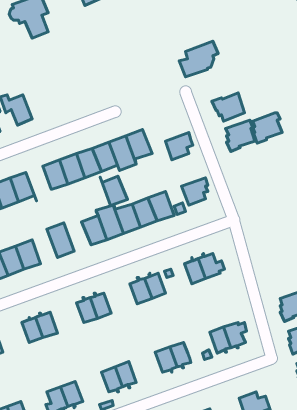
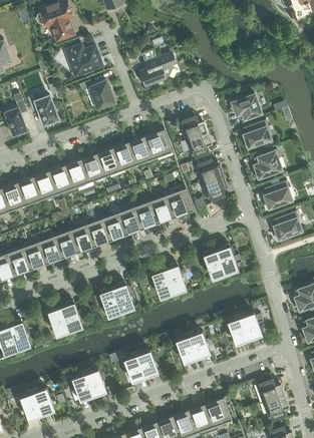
building: [179,41,218,77] -> [139,53,177,87]
building: none -> [65,46,103,77]
building: none -> [79,81,114,109]
building: [253,113,282,143] -> [254,151,282,180]
building: none -> [179,117,208,140]
building: none -> [195,157,224,183]
building: none -> [52,164,79,197]
building: [100,176,127,206] -> [88,217,114,246]
building: none -> [264,181,292,210]
building: none -> [274,211,301,242]
building: none -> [58,225,82,258]

